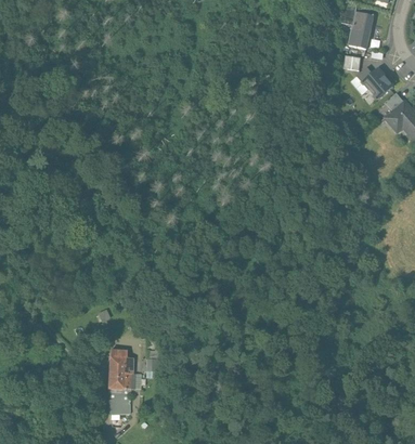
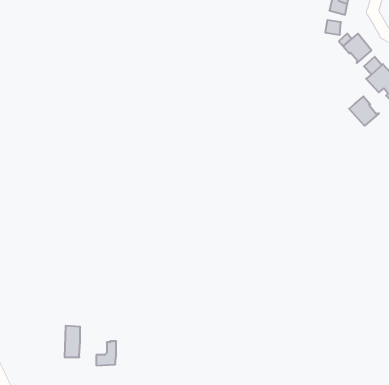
building: none -> [349,96,379,126]
building: [108,354,125,387] -> [65,326,80,357]

